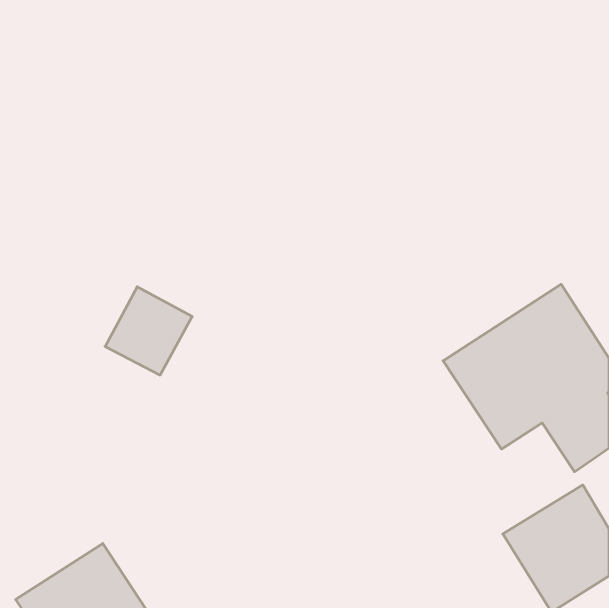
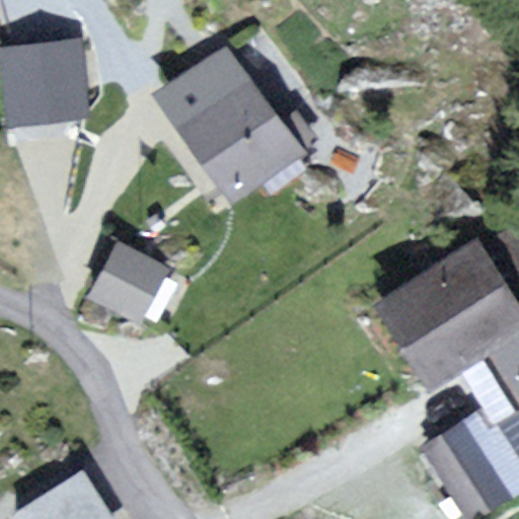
building: none -> [10,45,84,120]
building: none -> [162,51,297,196]

